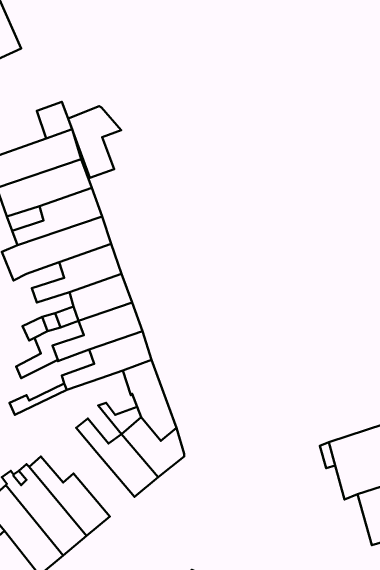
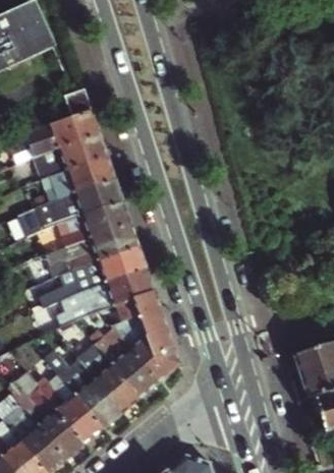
building: [68,106,121,178] -> none
building: none -> [76,350,141,412]

